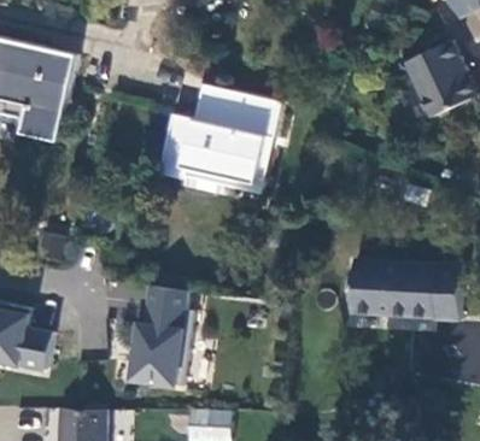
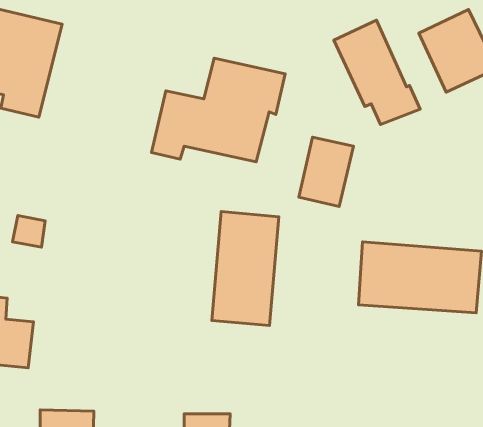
building: none -> [334,20,420,125]
building: none -> [299,137,354,207]
building: [123,286,185,390] -> [212,211,279,326]

